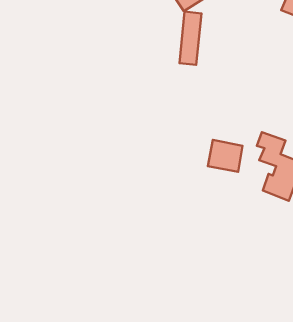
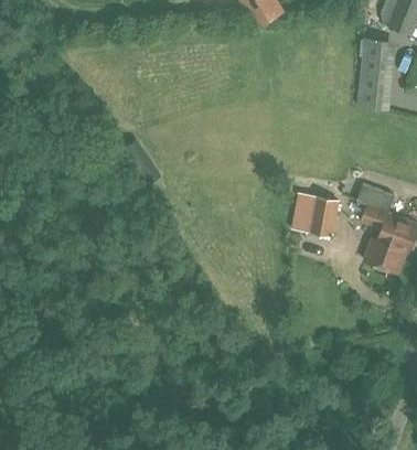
building: [179,12,201,65] -> [357,39,386,108]

